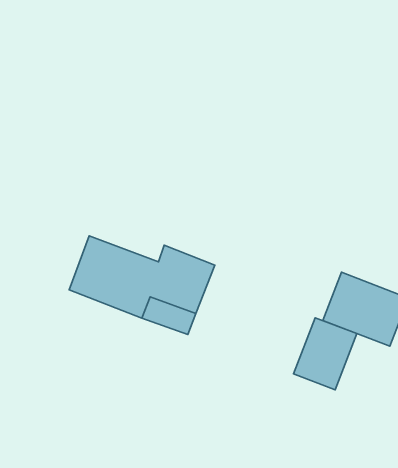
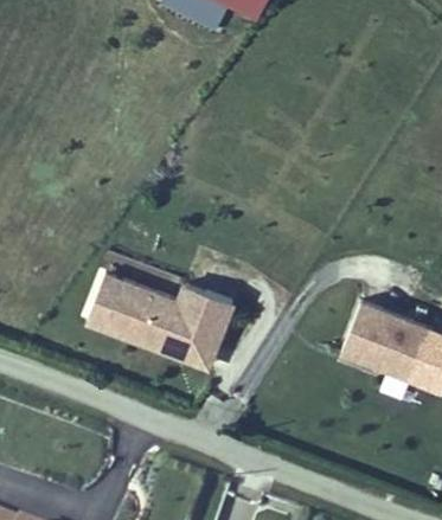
building: [294,318,357,390] -> none

